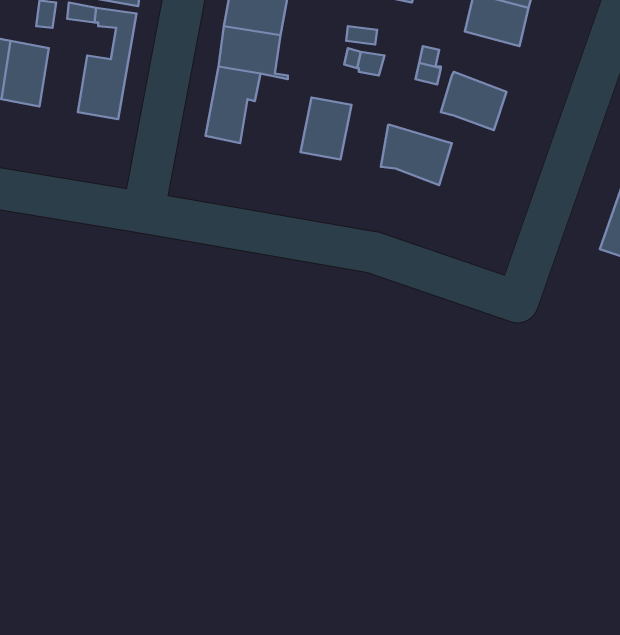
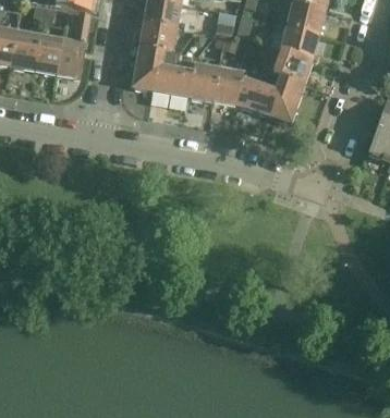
building: none -> [280,24,319,60]
building: none -> [33,34,61,72]
building: none -> [153,49,196,96]
building: none -> [212,67,243,105]
building: none -> [271,74,304,122]

